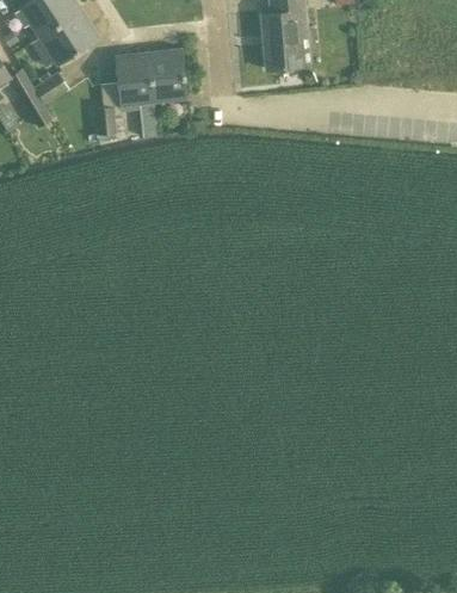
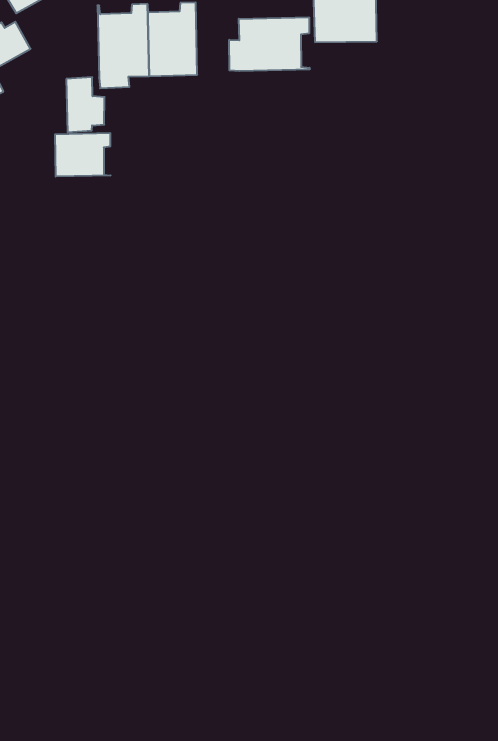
building: none -> [229,17,310,71]
building: none -> [55,133,111,177]

